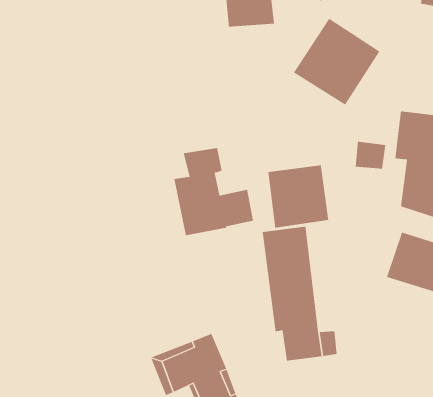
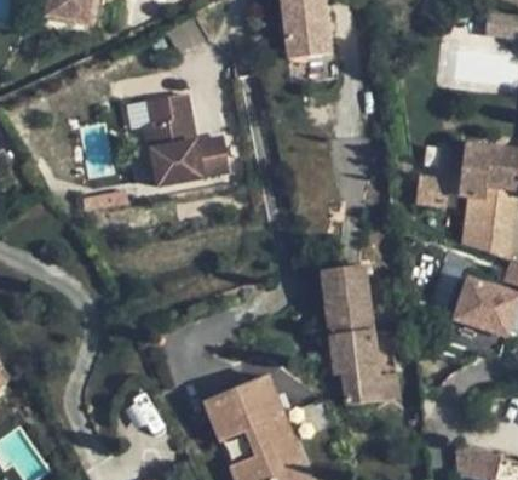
building: [293,18,380,105] -> none
building: [174,147,254,236] -> [148,92,231,184]
building: [268,165,329,229] -> none

